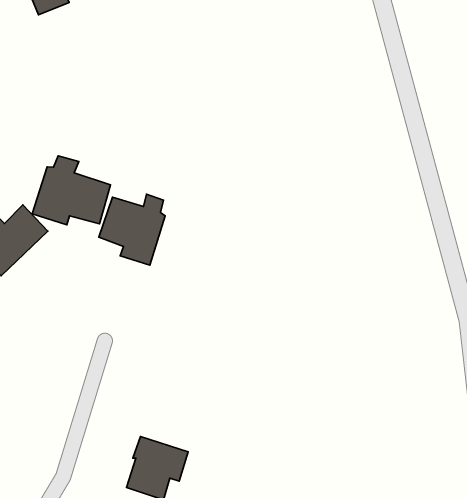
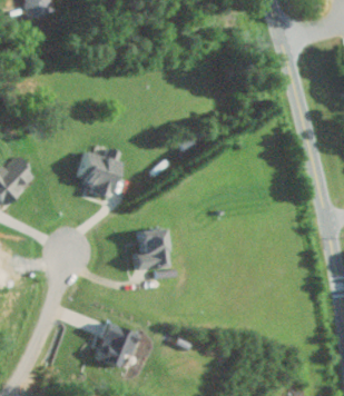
building: [32,156,110,225] -> none
building: none -> [132,227,171,269]

